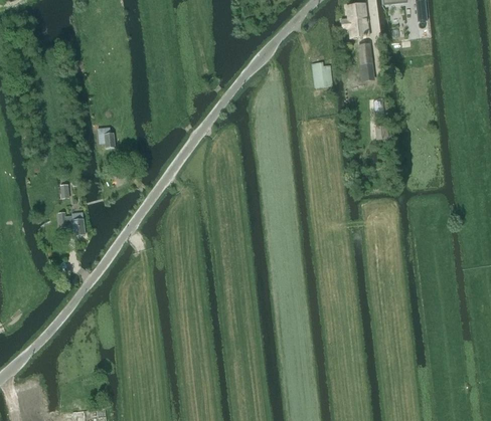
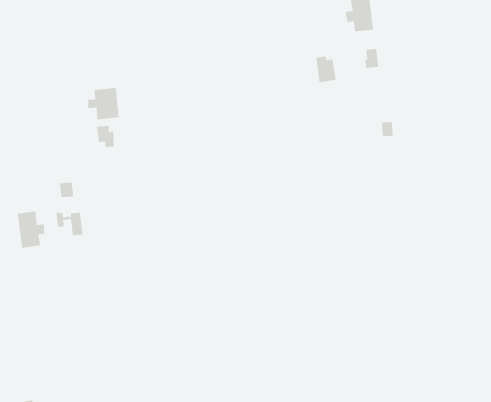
building: none -> [88,87,119,120]
building: none -> [17,210,45,248]

